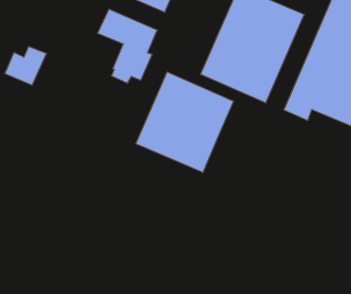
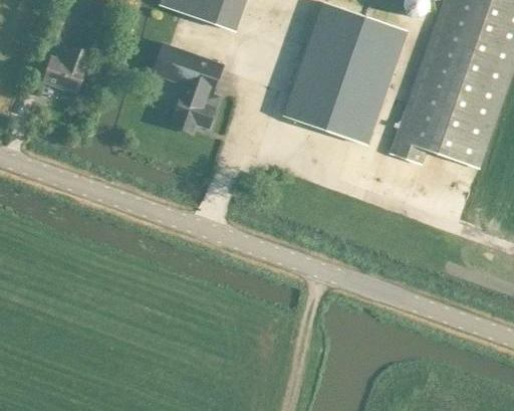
building: [5,46,47,85] -> [41,44,91,92]
building: [136,72,234,173] -> none

